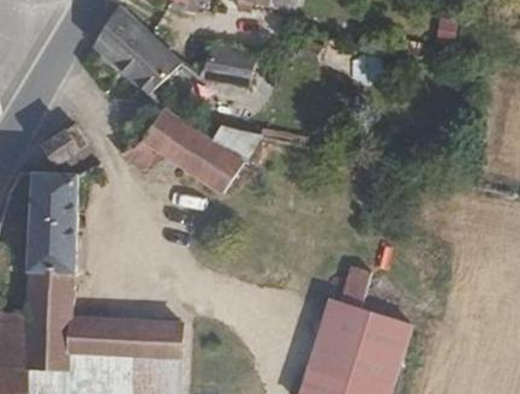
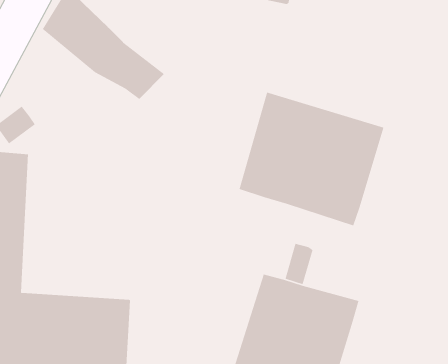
building: [204,42,256,80] -> none
building: none -> [238,91,384,227]
building: [118,111,258,193] -> none

